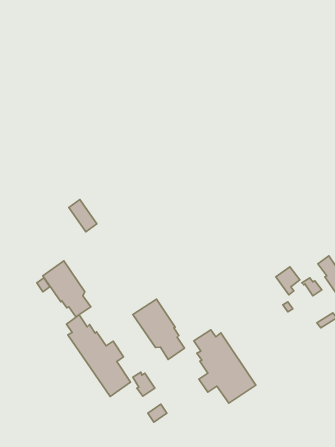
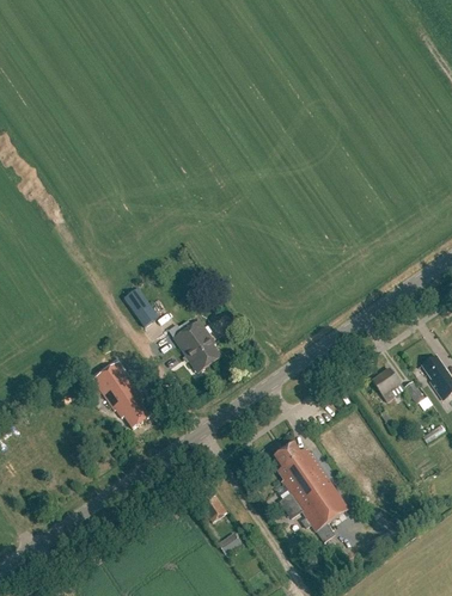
building: none -> [173,319,221,370]
building: [133,299,184,359] -> none
building: [67,315,131,396] -> none

